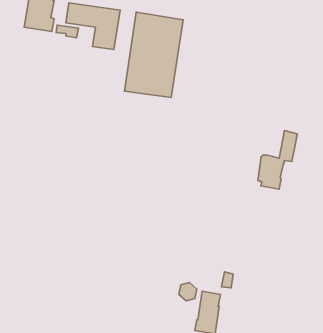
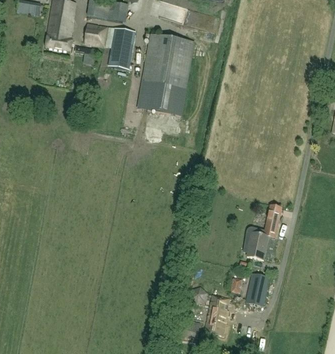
building: [258,131,297,189] -> [244,204,281,259]
building: none -> [246,273,269,305]

